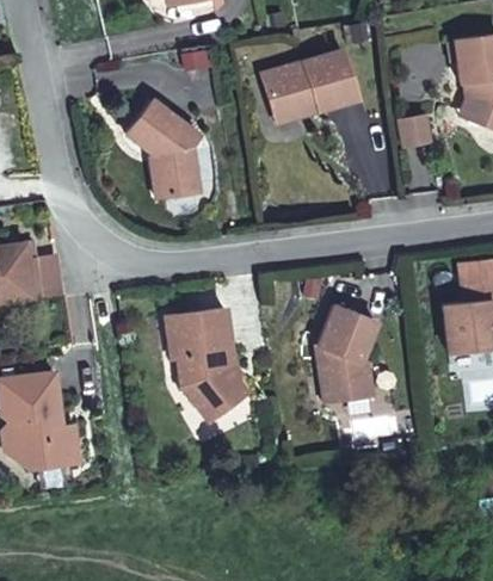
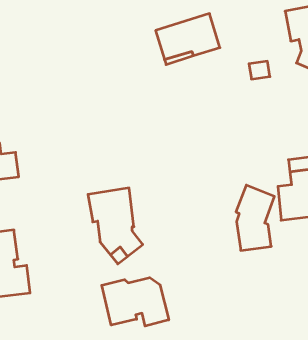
building: [125,99,196,196] -> none
building: [319,307,376,403] -> [236,185,274,250]
building: none -> [102,278,169,326]

